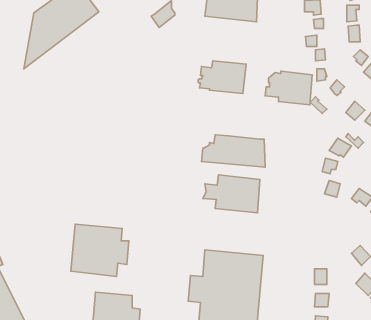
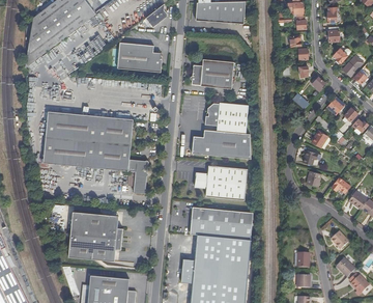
building: none -> [118,43,160,72]
building: [265,71,312,105] -> [204,101,248,132]
building: none -> [45,110,149,192]
building: none -> [189,208,251,240]

